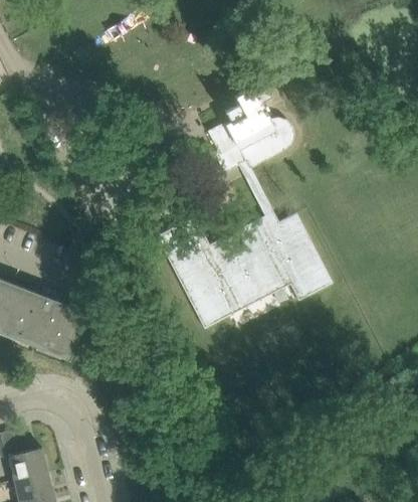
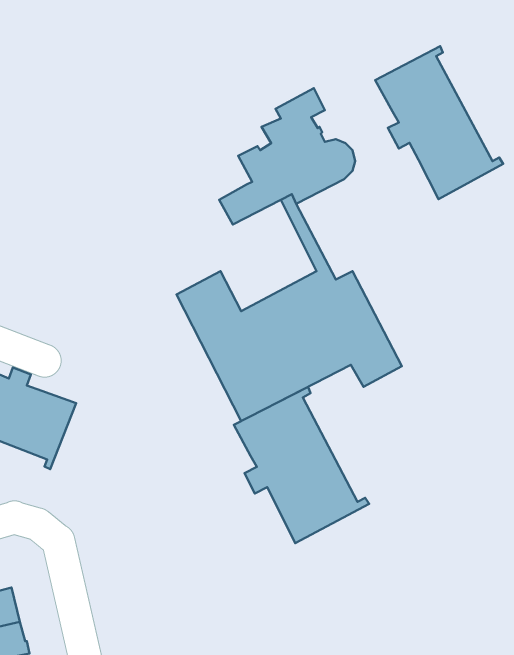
building: none -> [375,46,503,199]
building: none -> [234,387,369,543]

